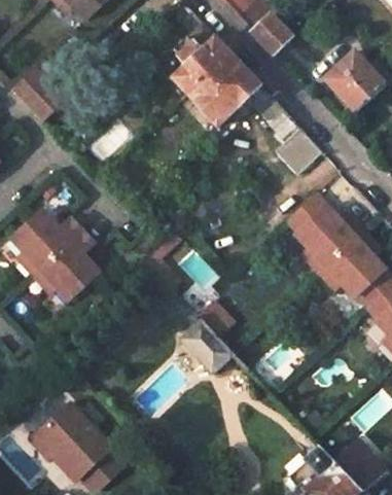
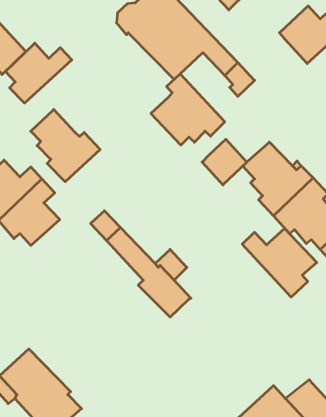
building: none -> [5,43,72,103]
building: none -> [151,74,225,145]
building: [275,129,321,176] -> [202,139,247,185]
building: none -> [31,109,100,182]
building: none -> [242,228,317,297]

